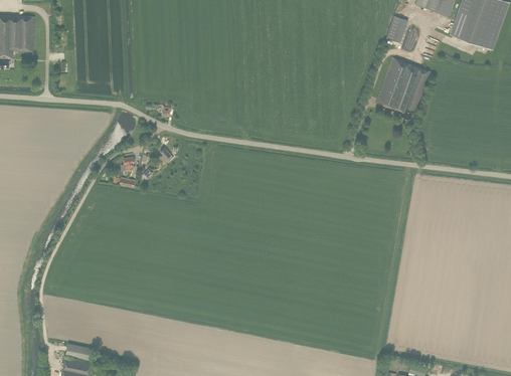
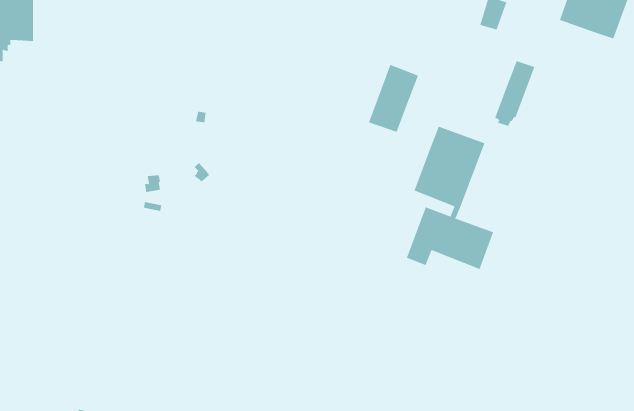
building: [375,58,415,113] -> [368,64,419,133]
building: none -> [406,126,494,270]

